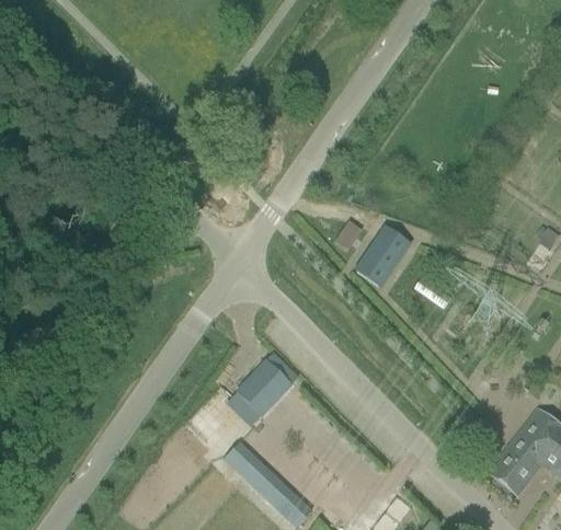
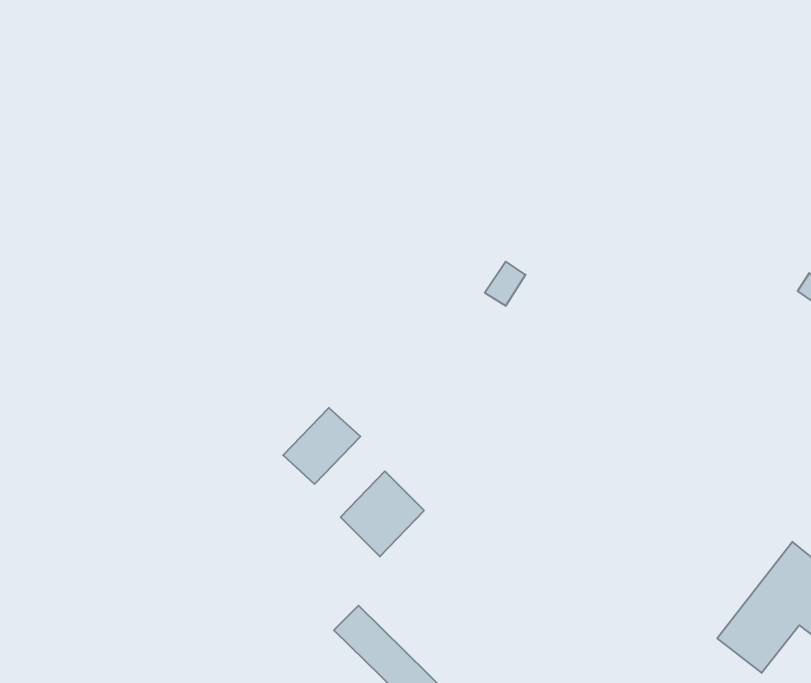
building: [356,226,411,286] -> none
building: none -> [283,408,360,484]

